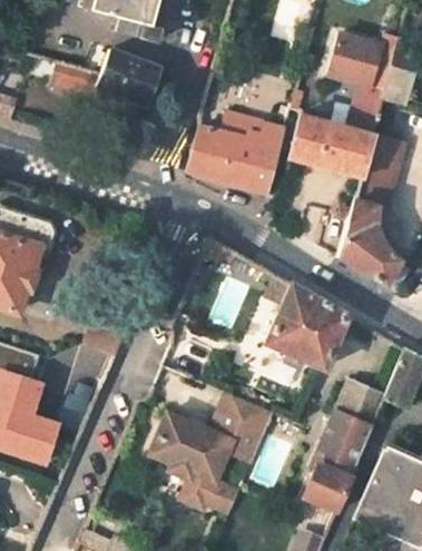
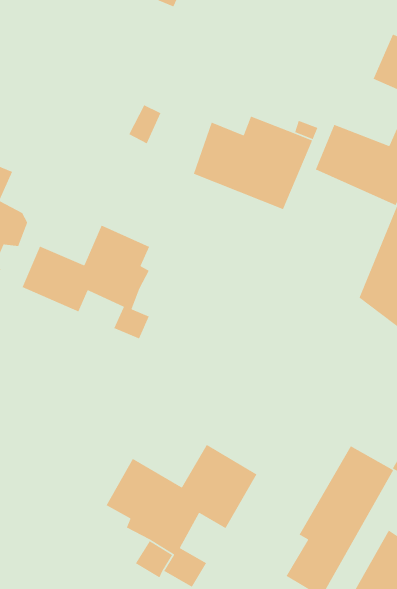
building: [56,48,160,104] -> none
building: none -> [22,225,150,340]
building: [262,282,345,371] -> none

